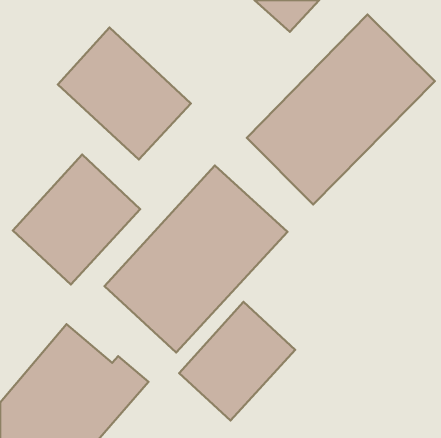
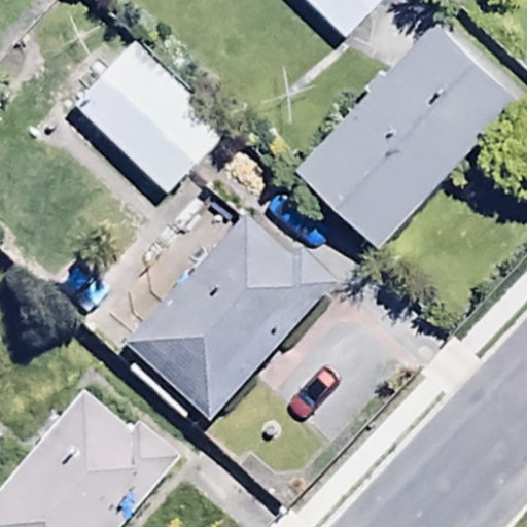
building: [13,155,140,284] -> none
building: [179,302,295,420] -> none

